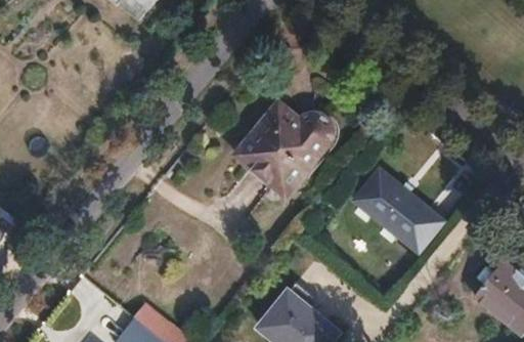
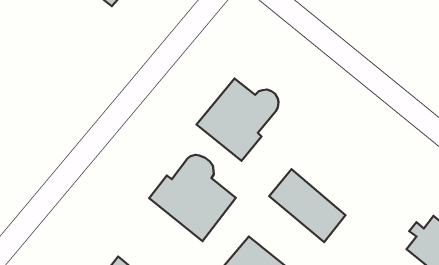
building: [353,169,440,252] -> [269,169,346,242]
building: none -> [149,155,236,241]

